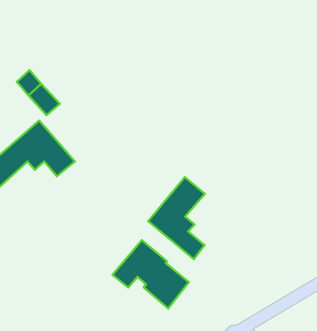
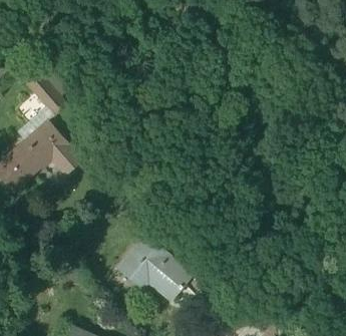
building: [148,177,205,259] -> none

